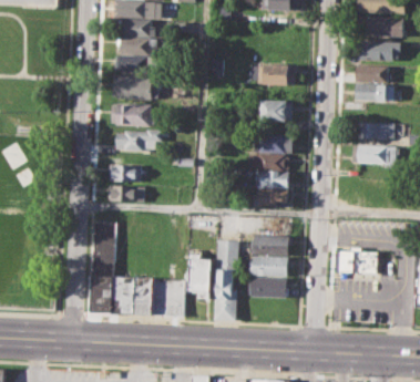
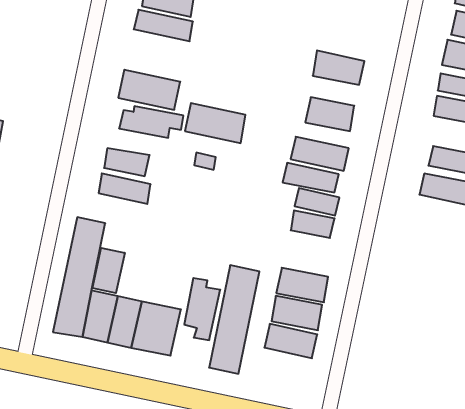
building: [112,76,156,101] -> [185,103,245,143]
building: none -> [92,248,125,293]
building: [336,248,378,276] -> none

